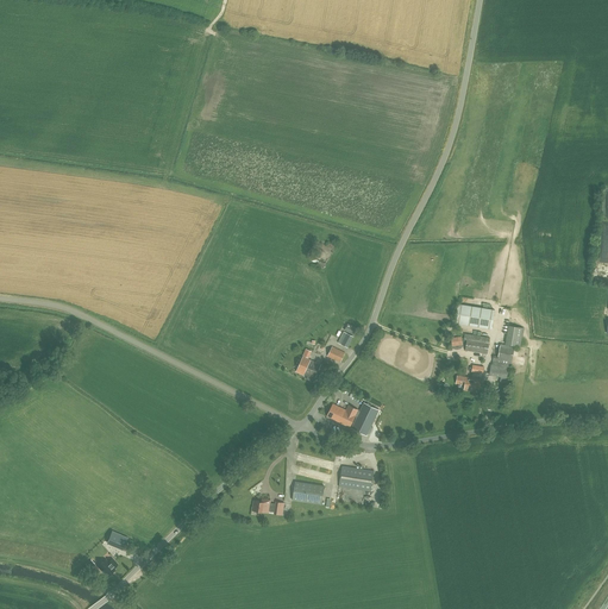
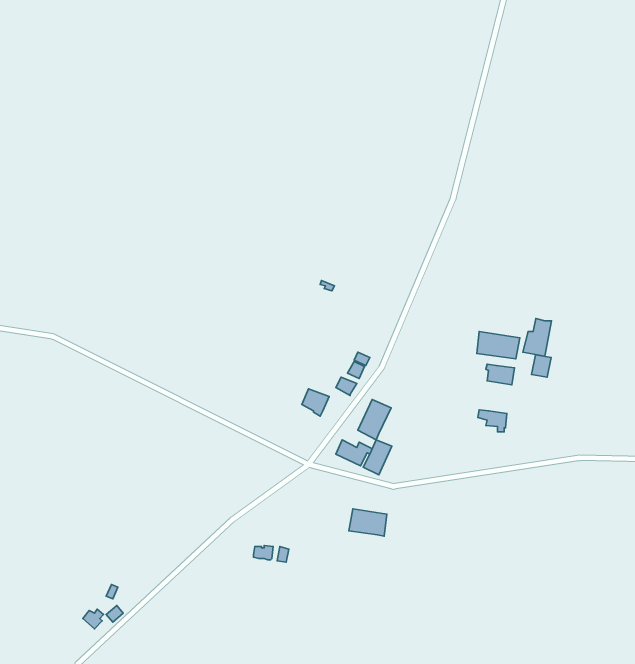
building: [488,343,514,377] -> [523,318,551,356]
building: none -> [358,400,391,440]
building: [290,481,324,503] -> none

